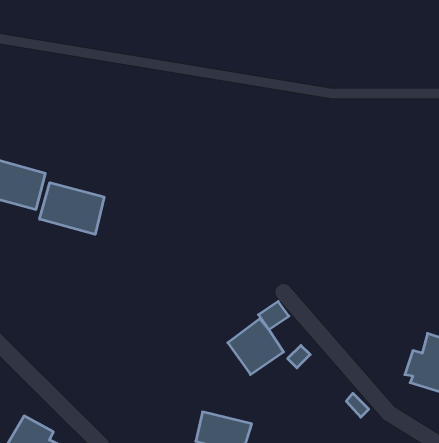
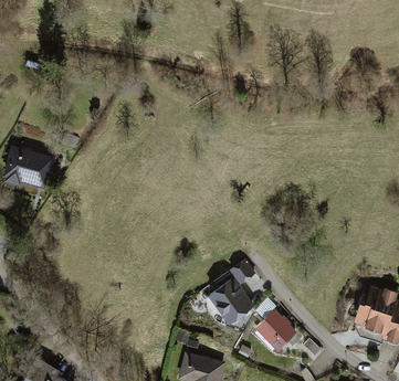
building: [40,183,104,234] -> none
building: none -> [256,311,294,348]

